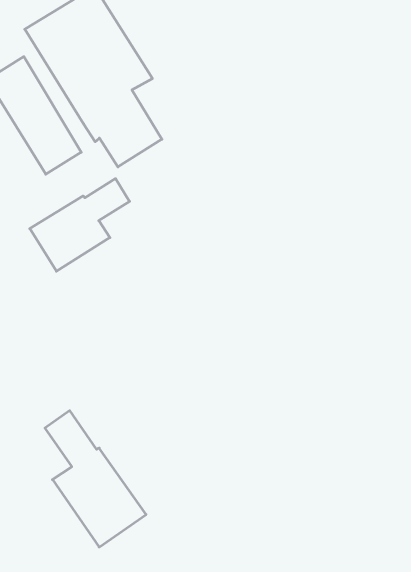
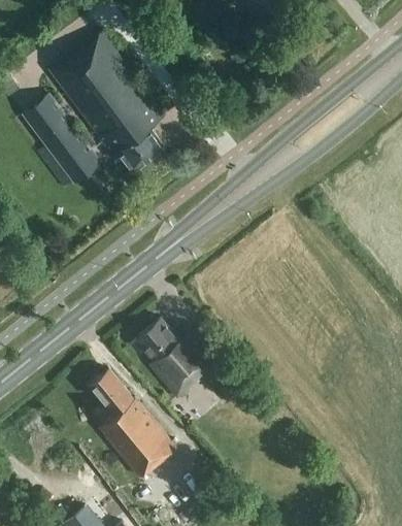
building: [30,179,130,271] -> none
building: none -> [135,319,215,396]

